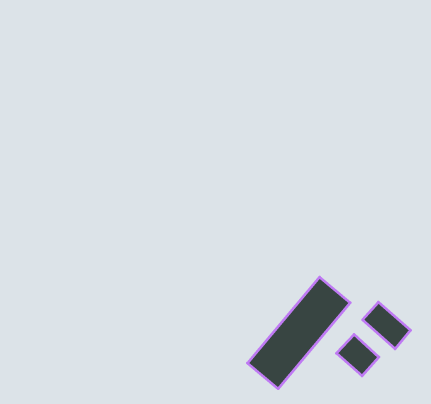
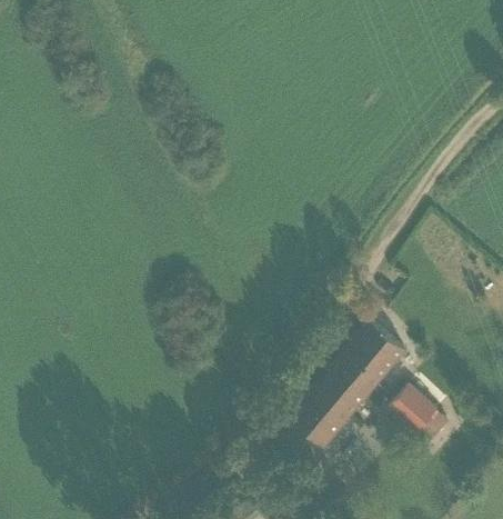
building: [363,302,411,349] -> none

